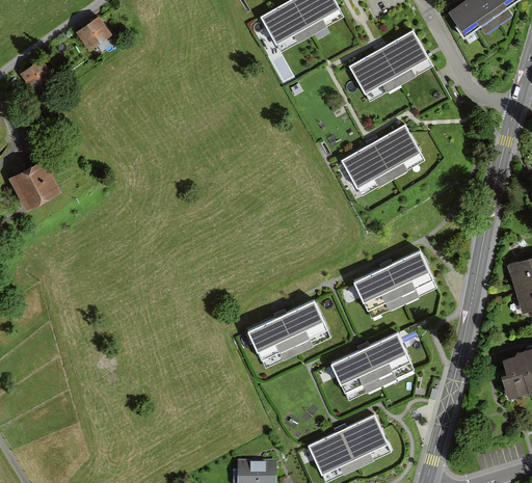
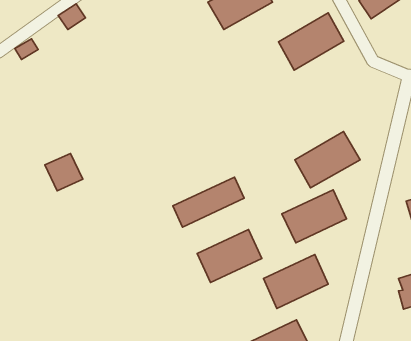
building: [342,124,424,194] -> [295,132,360,188]
building: [6,164,54,211] -> [45,153,83,191]
building: none -> [173,177,244,227]

